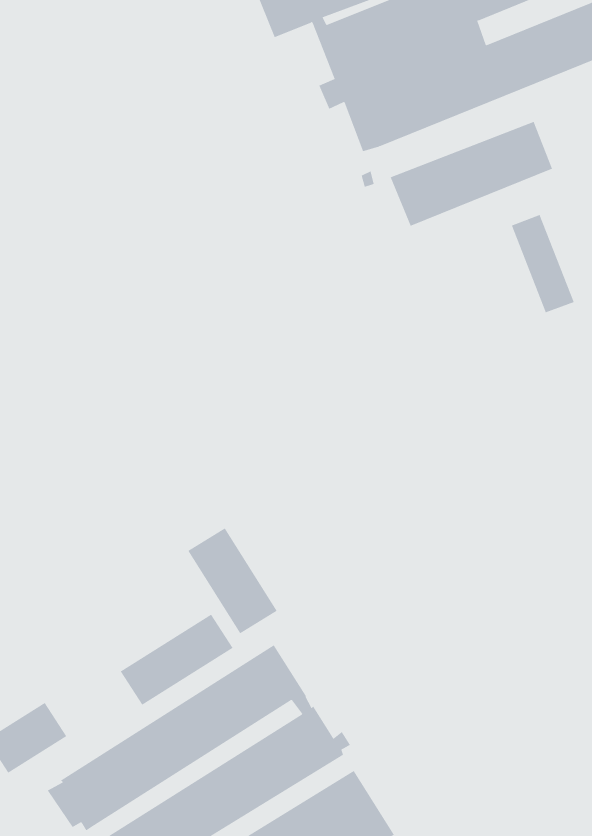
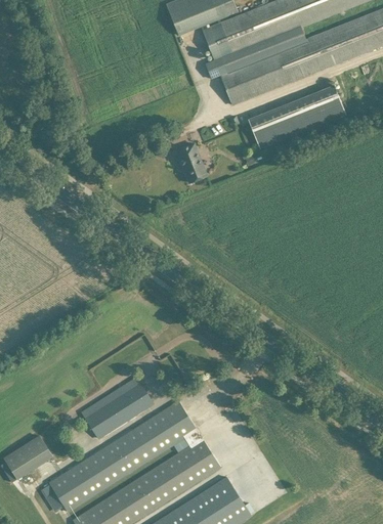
building: [511,214,575,313] -> none
building: none -> [177,143,207,182]
building: [187,527,278,634] -> none

